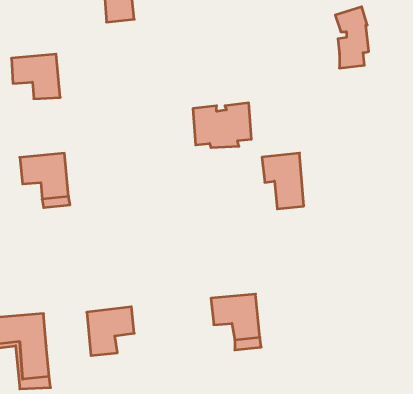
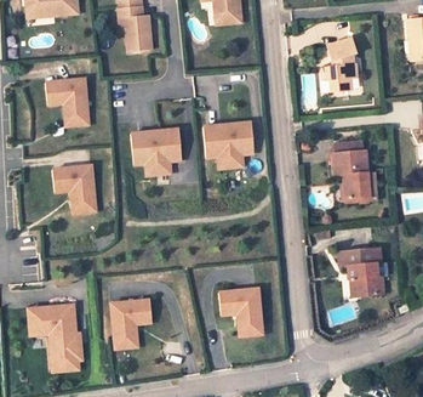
building: none -> [130,129,182,168]
building: [262,153,304,209] -> [332,149,368,198]
building: none -> [338,248,383,295]

